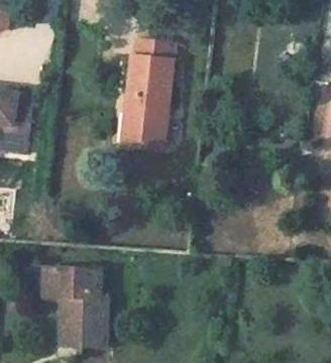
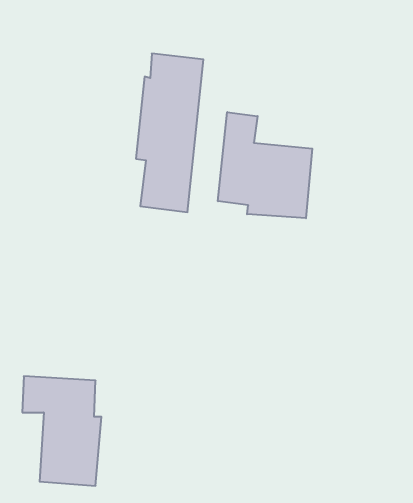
building: none -> [218,112,312,218]

